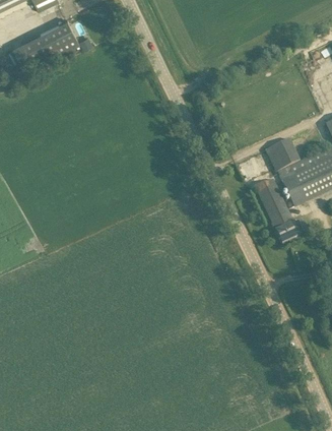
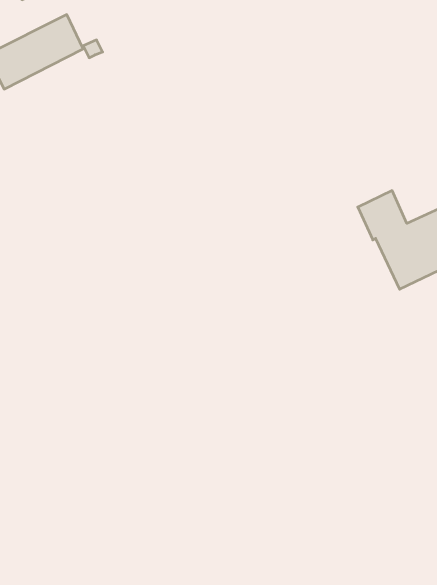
building: [255,180,296,245] -> none

